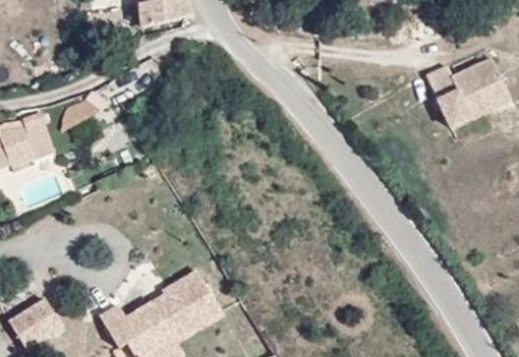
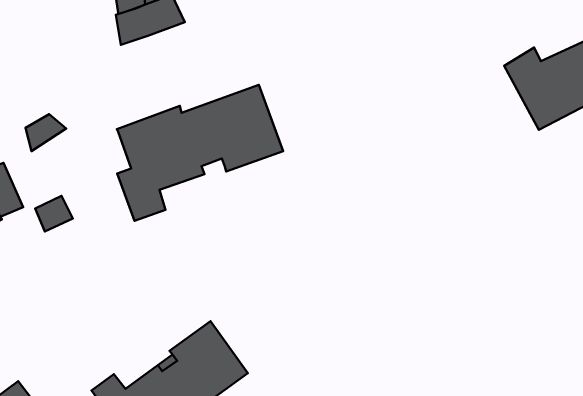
building: none -> [117,85,283,221]

